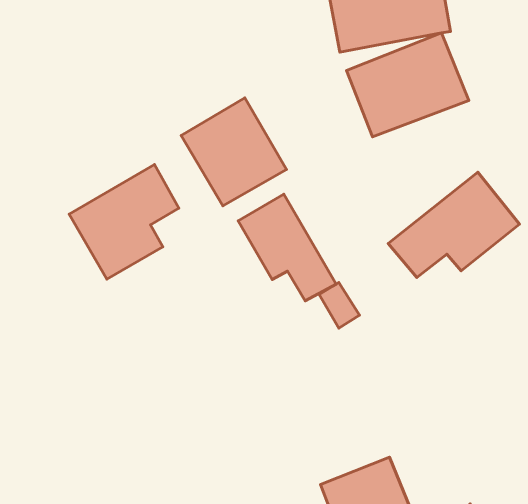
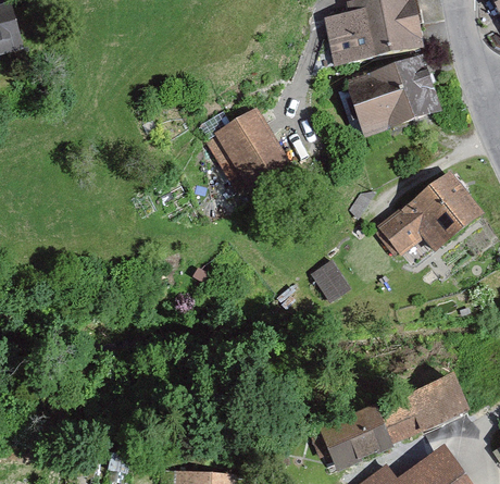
building: [69,165,179,279] -> none
building: [238,194,336,301] -> none
building: none -> [380,376,467,440]

